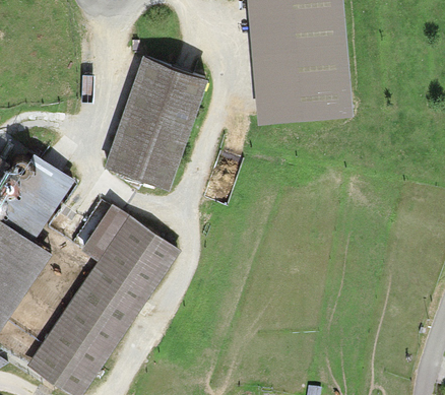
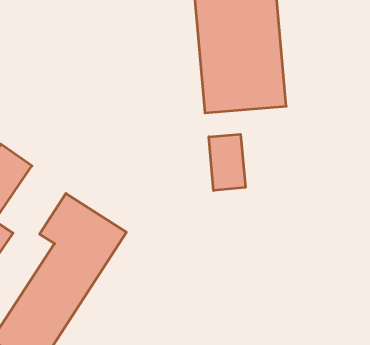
building: [105,57,206,189] -> none
building: none -> [209,134,245,191]

